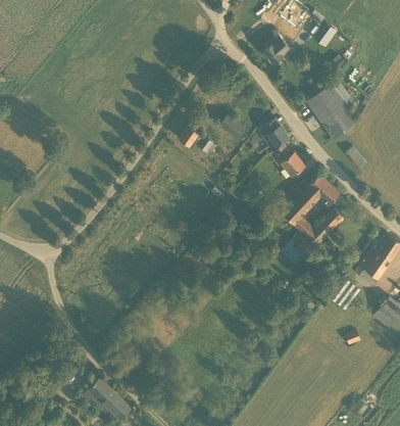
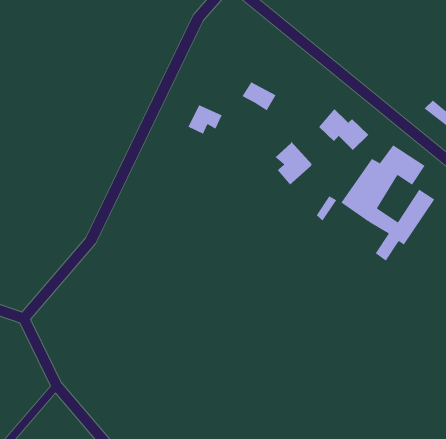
building: [306,86,358,141] -> none
building: [263,119,289,149] -> [275,141,313,186]

